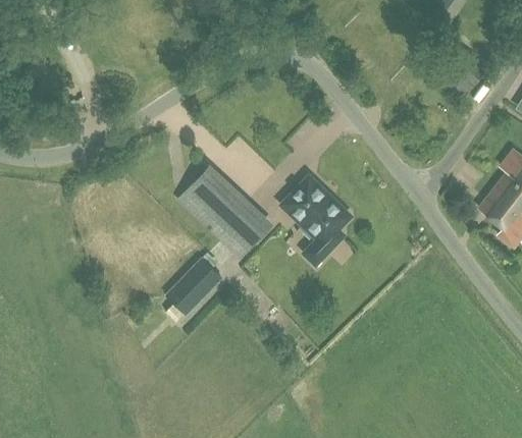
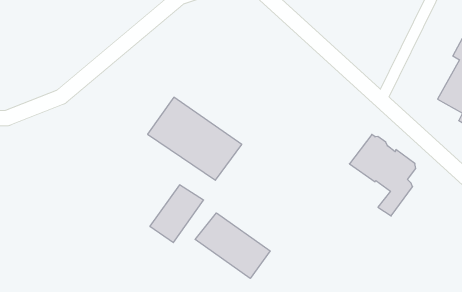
building: [281,175,349,262] -> [349,134,416,216]
building: none -> [195,213,270,278]

